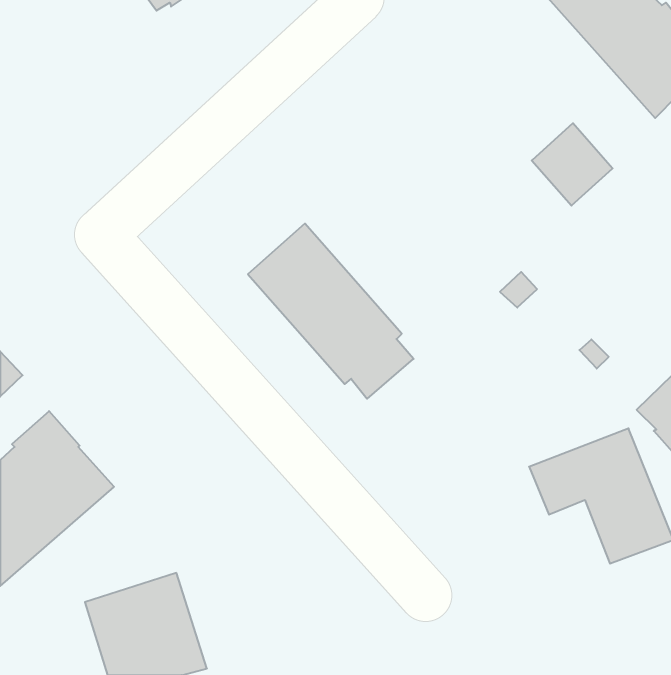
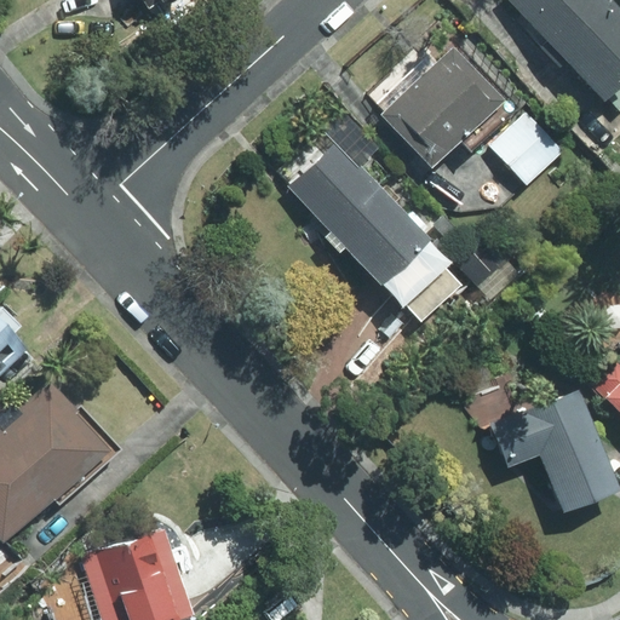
building: none -> [381,51,506,174]
building: [248,224,414,399] -> [289,140,441,300]

